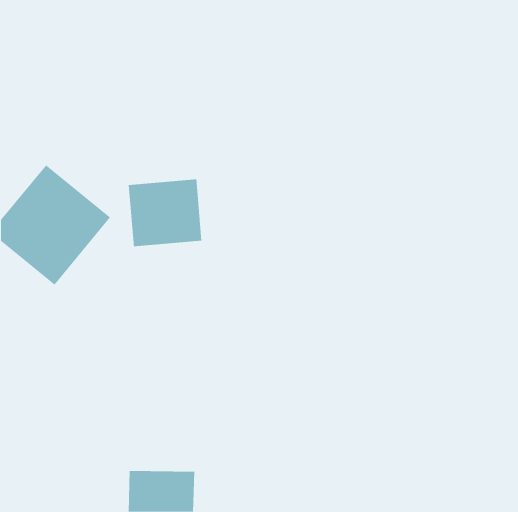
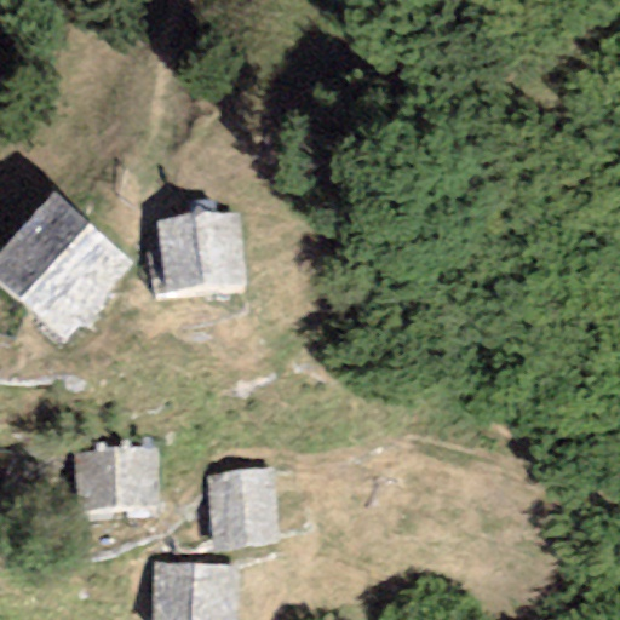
building: none -> [78,441,160,512]
building: none -> [207,466,274,547]

